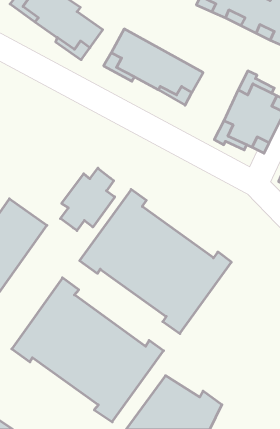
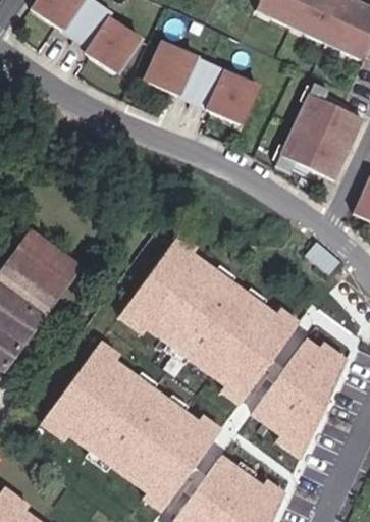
building: [60,168,115,231] -> none
building: none -> [251,334,347,454]

